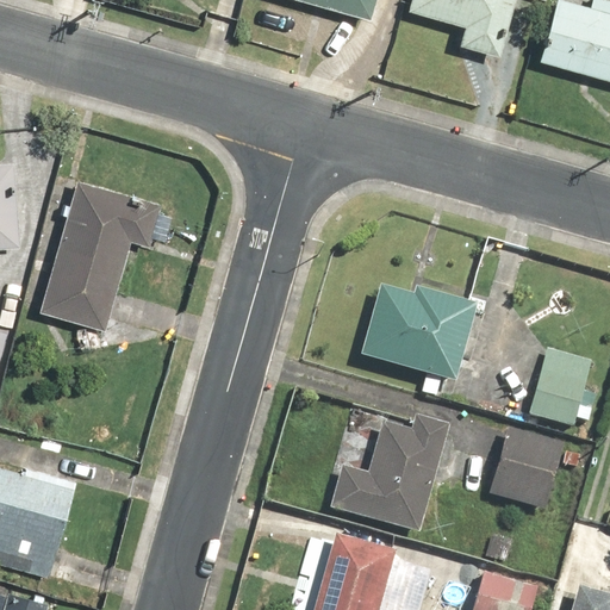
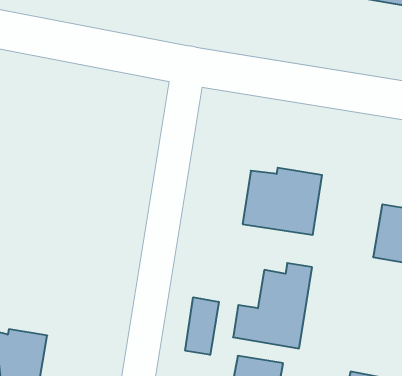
building: [41,178,161,326] -> none
building: [488,432,560,509] -> none
building: none -> [185,297,219,355]

